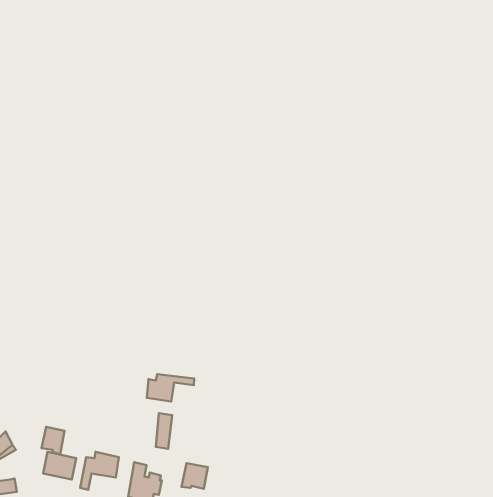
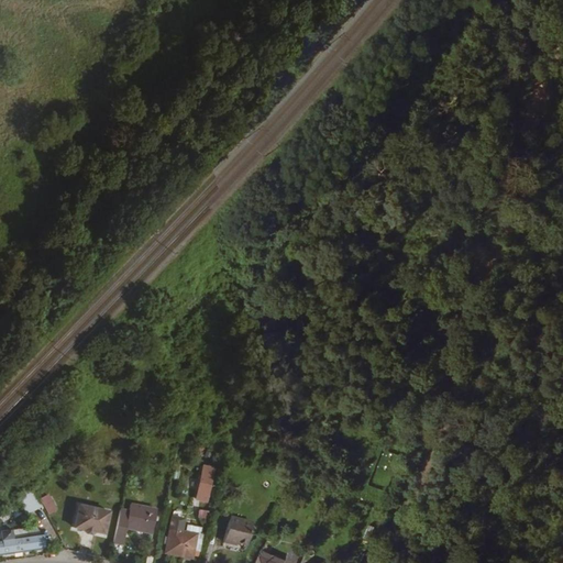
building: [147,374,194,401] -> none
building: [42,427,65,454] -> none

